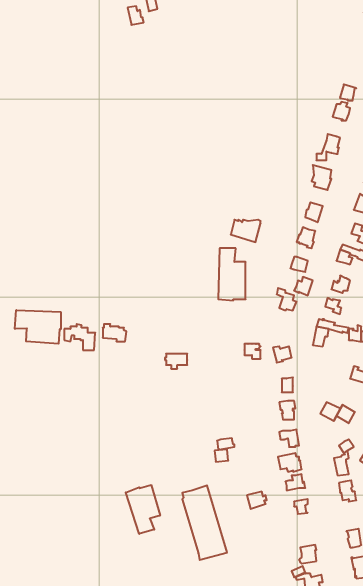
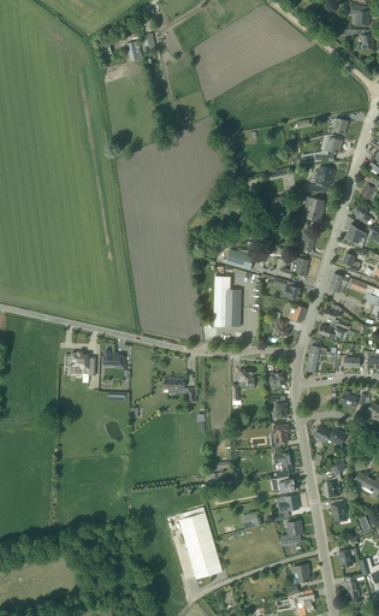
building: [15,310,61,344] -> none
building: [126,485,160,534] -> none

